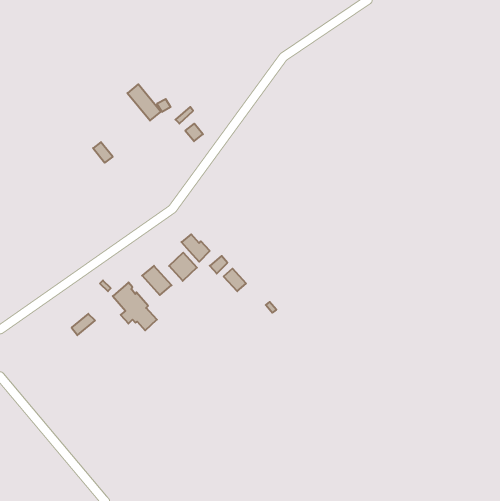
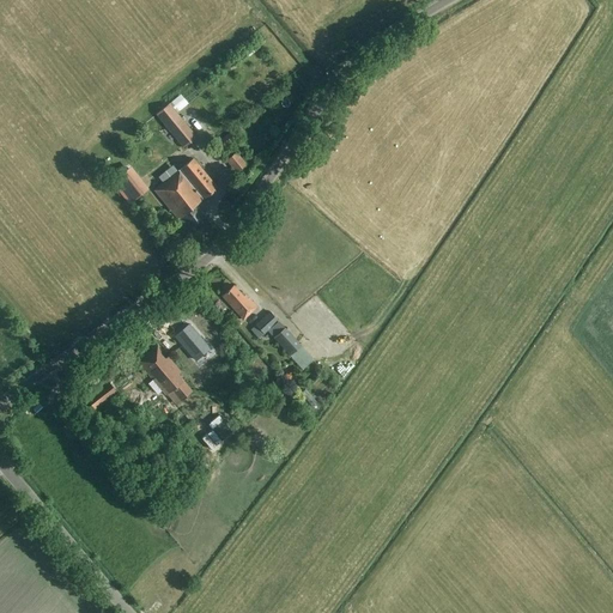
building: none -> [154,157,219,226]
building: [169,253,197,281] -> none

